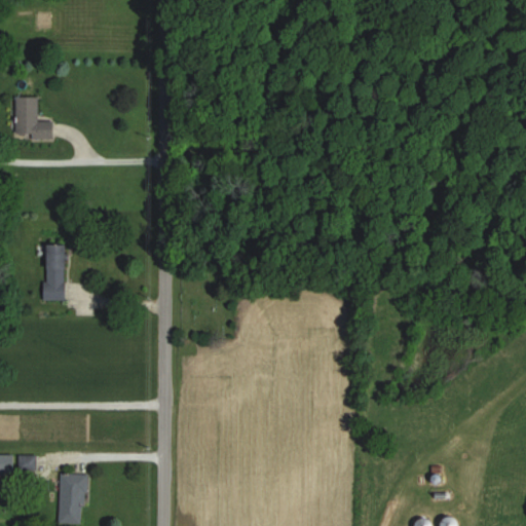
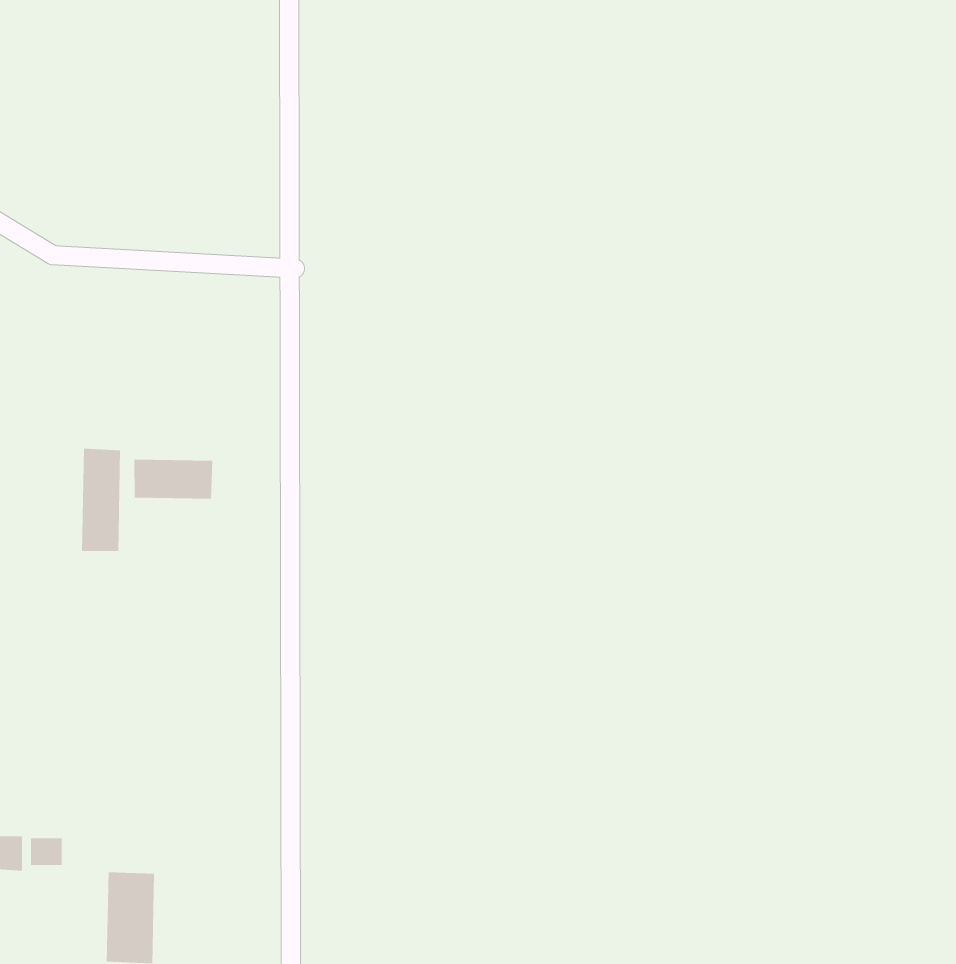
building: [13,98,52,140] -> none
building: none -> [134,459,213,499]

